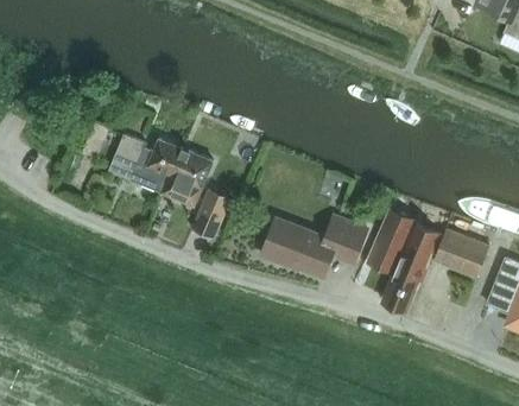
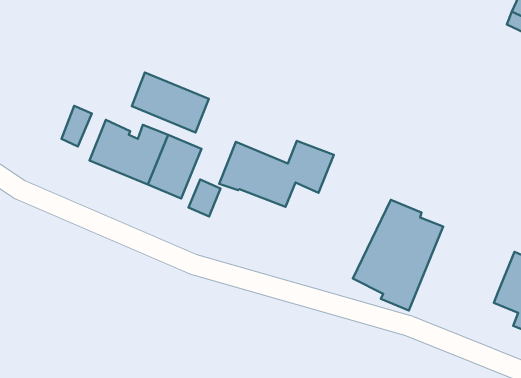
building: none -> [132,73,209,132]
building: [261,215,368,277] -> [219,141,334,207]
building: [435,229,490,277] -> none

